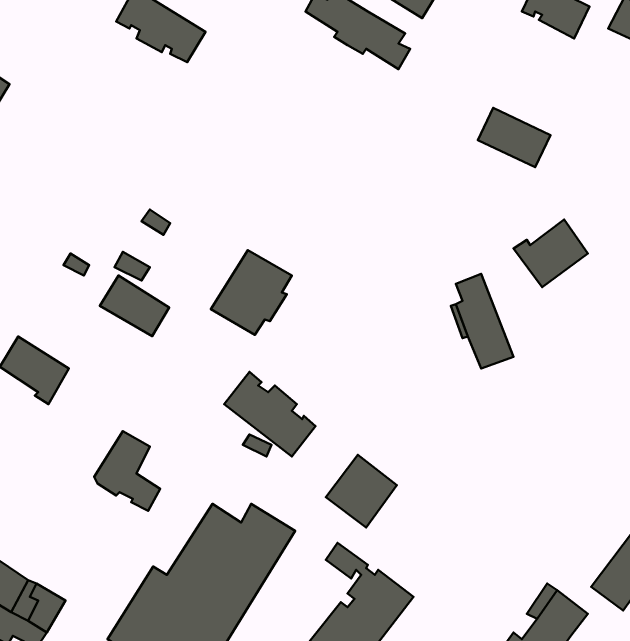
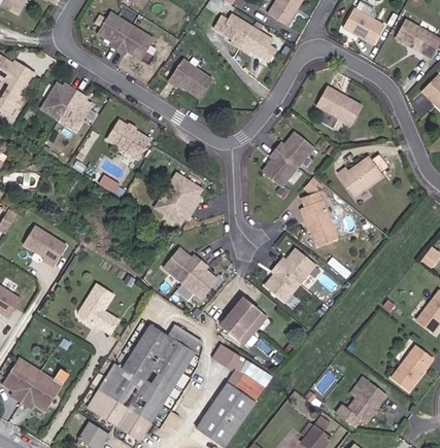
building: none -> [168,59,212,97]
building: none -> [38,81,91,129]
building: none -> [260,129,312,184]
building: [100,275,169,336] -> [105,119,147,157]
building: none -> [264,246,315,302]

